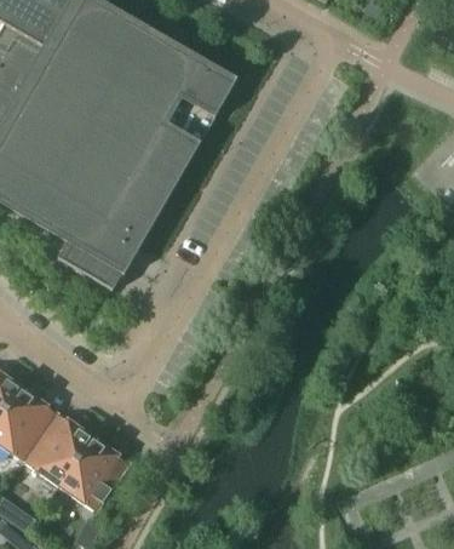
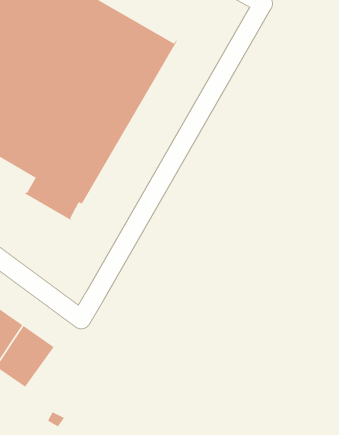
building: [57,435,126,508] -> none

